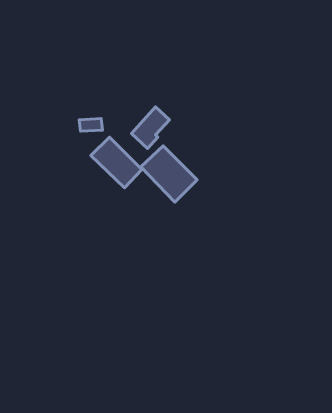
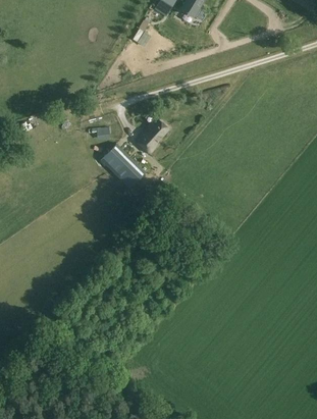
building: [141,146,197,202] -> none

